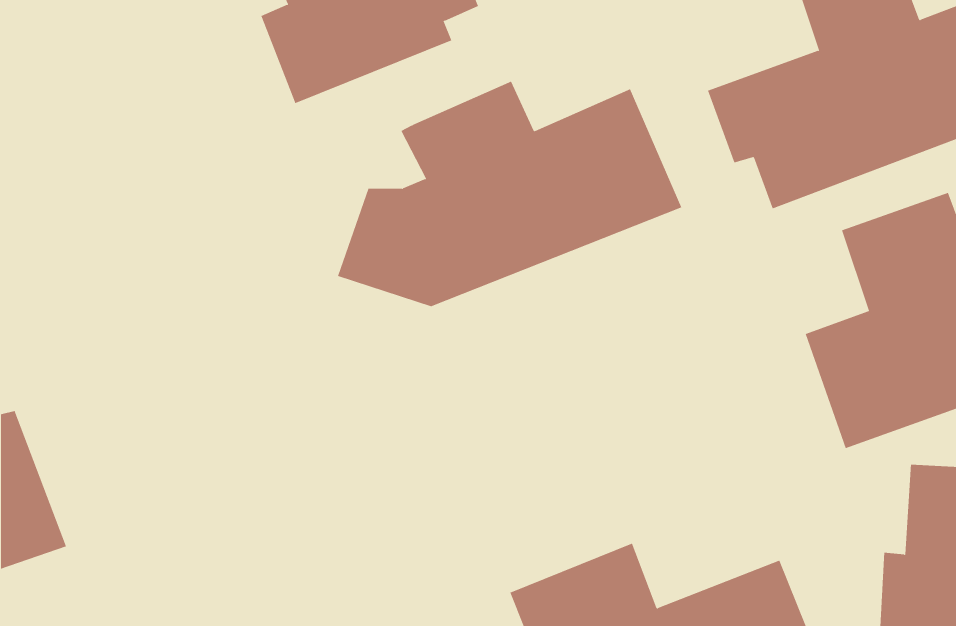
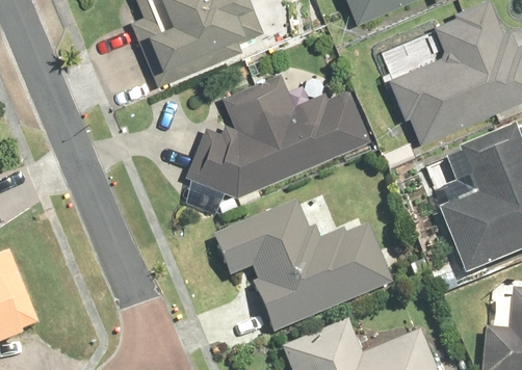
building: none -> [212,204,403,333]

